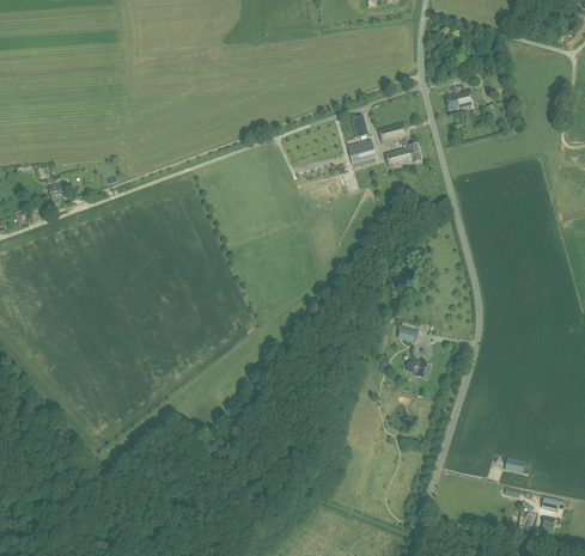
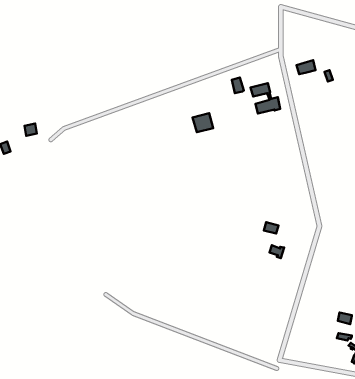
building: [347,139,377,166] -> [193,113,213,132]

